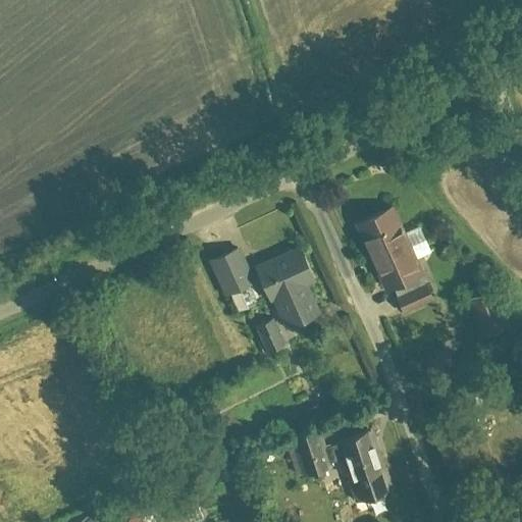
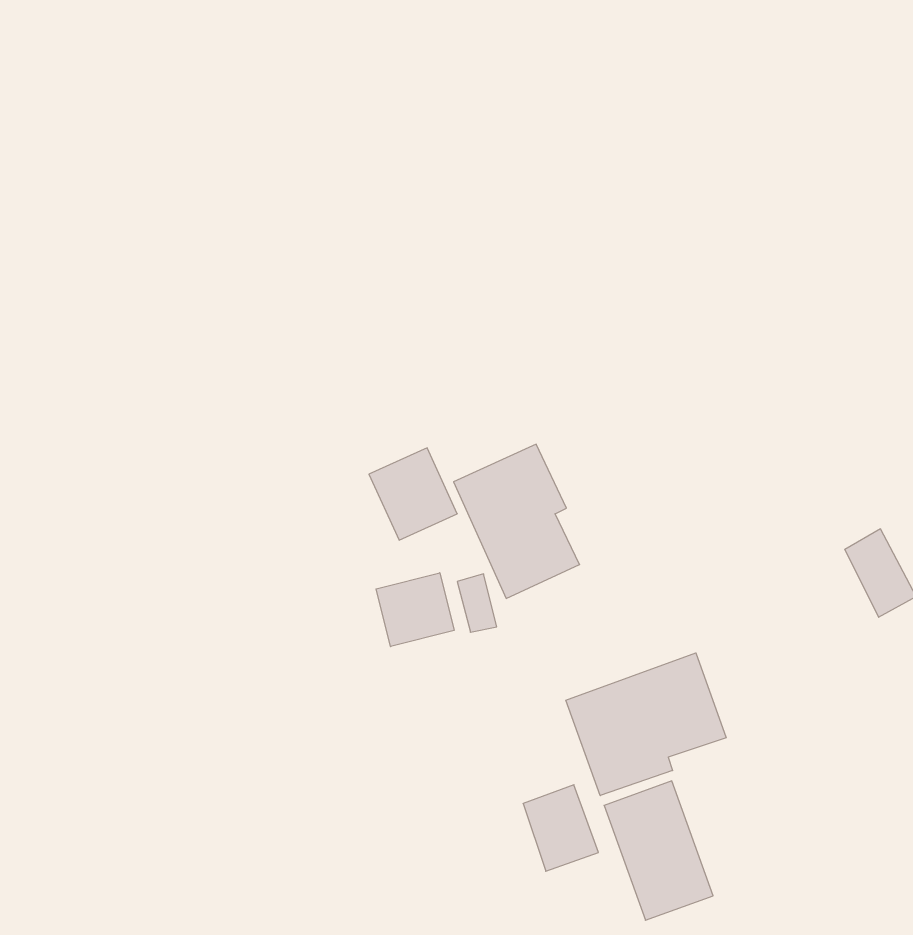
building: [353,207,437,317] -> none
building: none -> [376,573,454,647]
building: none -> [566,653,726,796]

